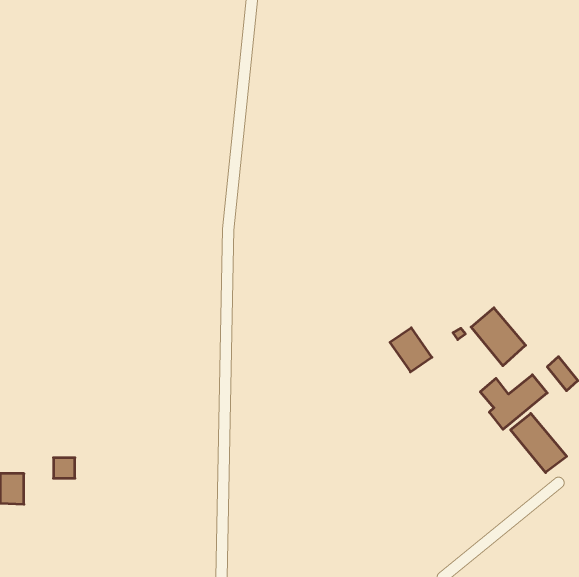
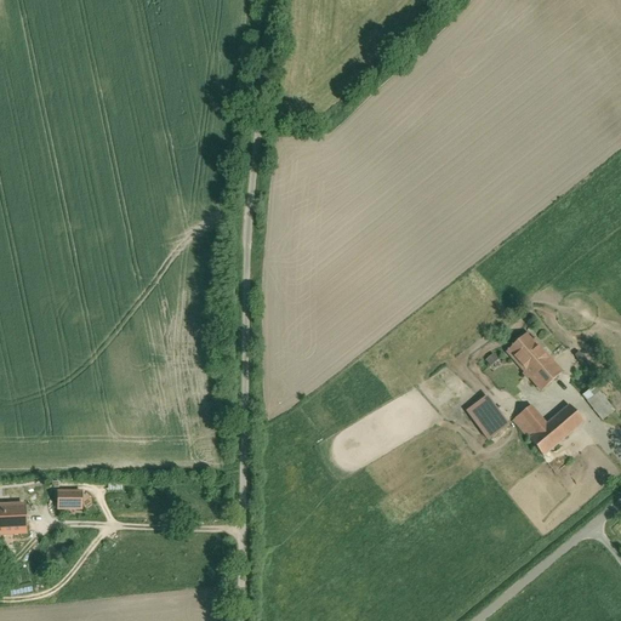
building: [390,328,432,372] -> [462,392,507,439]
building: [511,413,567,473] -> none

